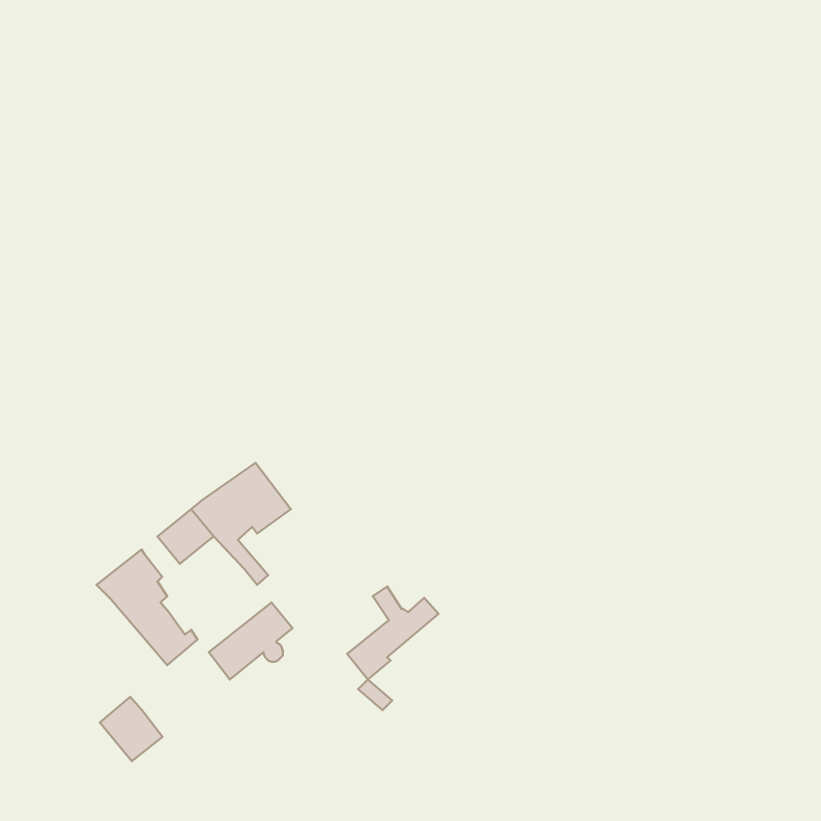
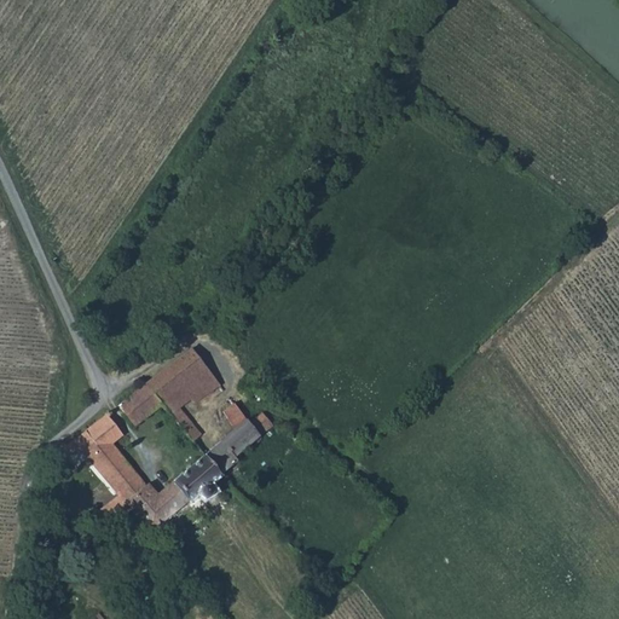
building: [347,586,439,680] -> [204,403,273,473]
building: [100,697,162,761] -> [126,481,173,530]

